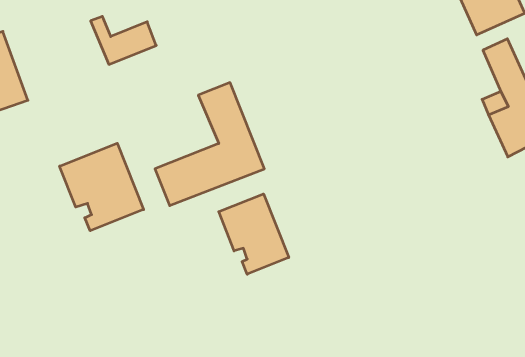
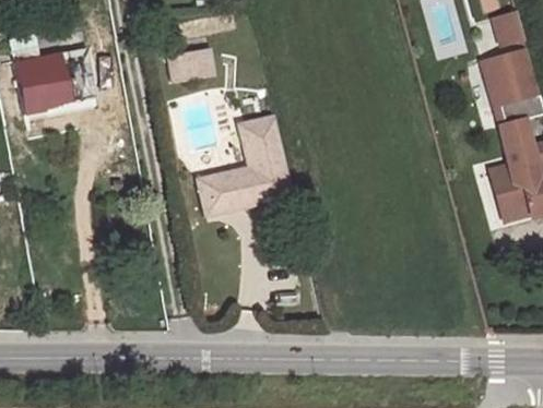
building: [60,143,144,231] -> none
building: [219,194,289,274] -> none

